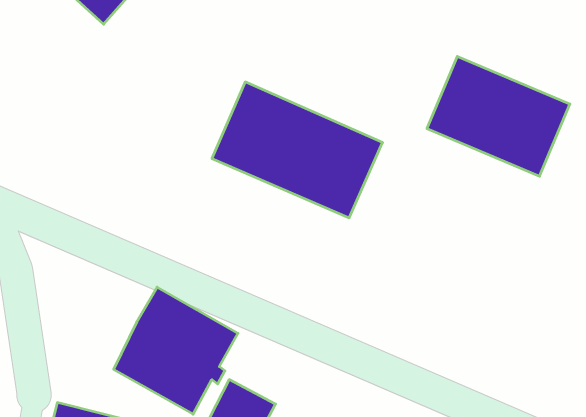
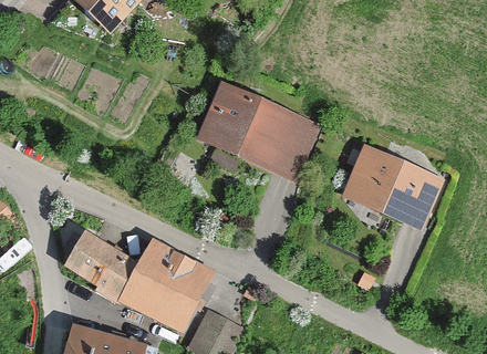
building: [427,56,570,176] -> [338,140,447,232]
building: none -> [61,229,135,302]

